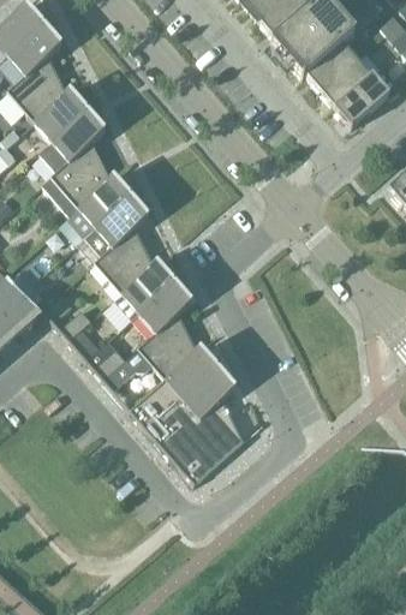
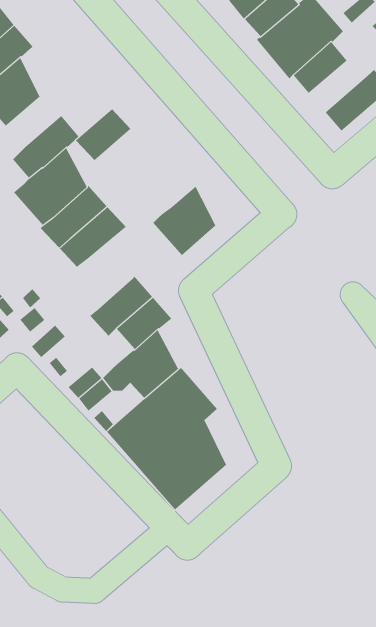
building: [318,58,374,107] -> none
building: [35,90,88,139] -> [75,109,131,161]
building: [95,226,155,292] -> [153,186,216,256]

